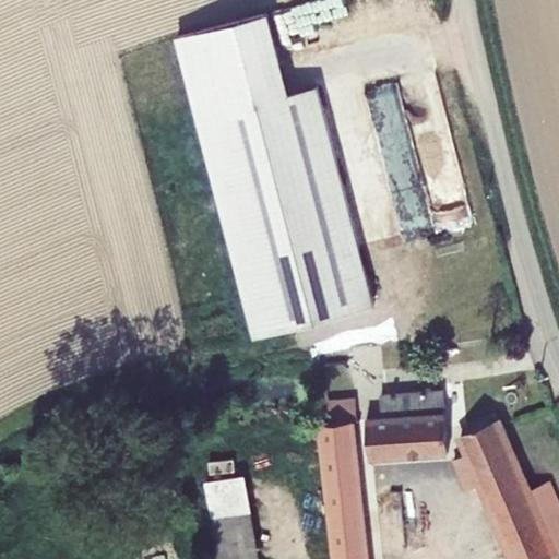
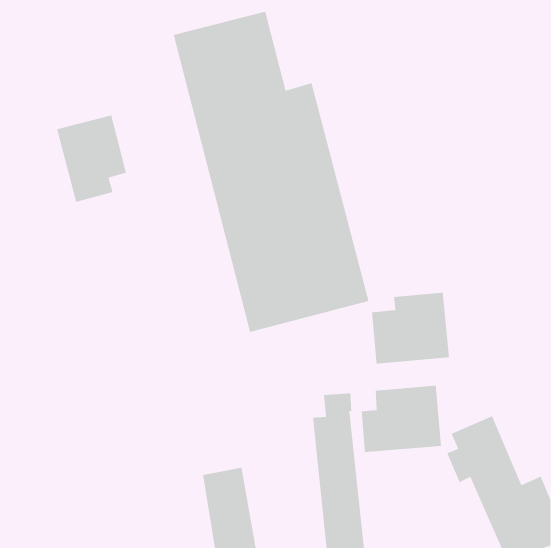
building: none -> [56,115,127,203]
building: none -> [371,292,450,364]

